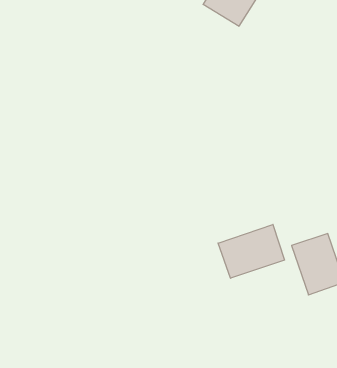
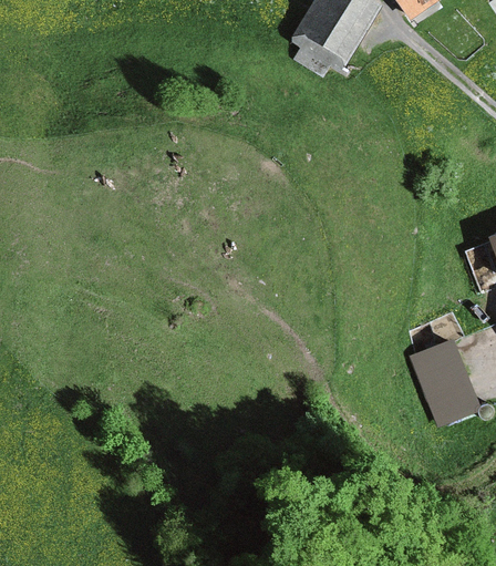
building: [218,224,285,278] -> none

